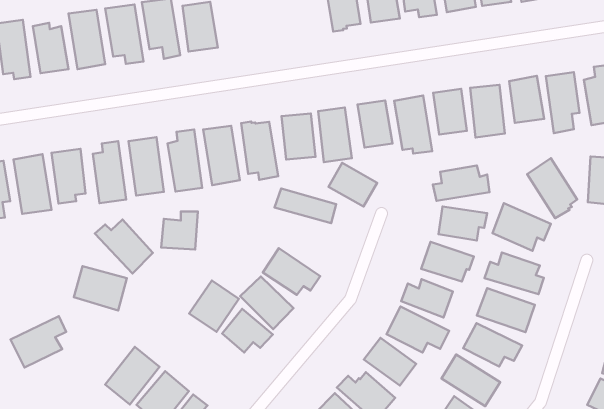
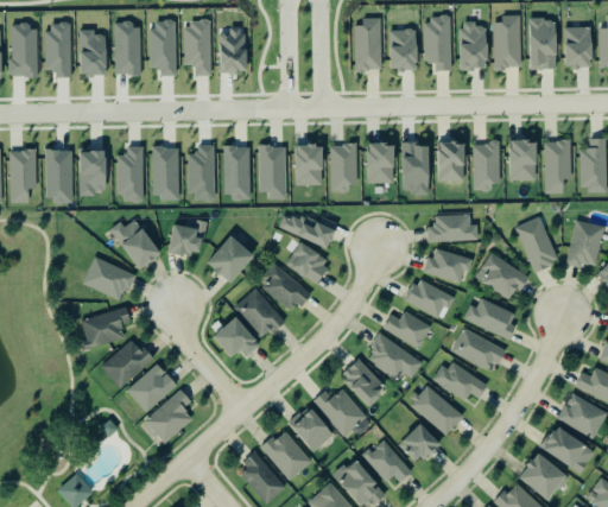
building: [329,163,377,207] -> [286,242,331,285]
building: [189,281,239,332] -> [207,235,254,283]
building: [10,316,66,367] -> [78,306,131,349]

